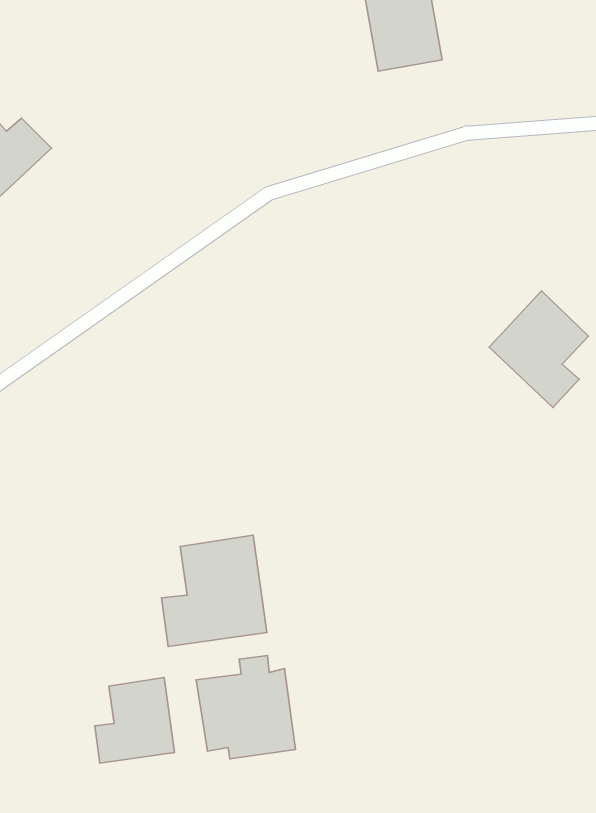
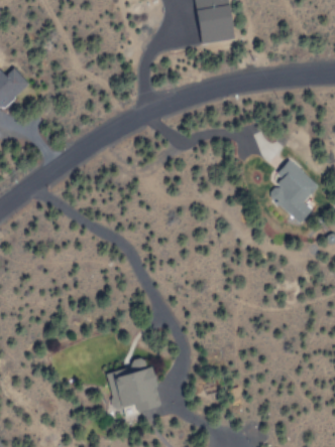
building: [162,535,267,646] -> none
building: [95,678,175,763] -> none

